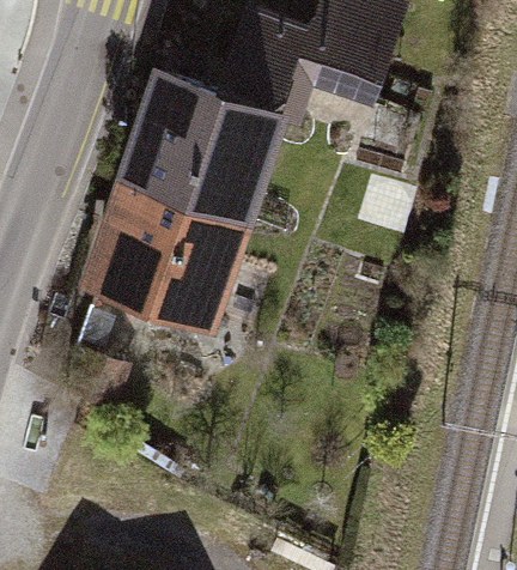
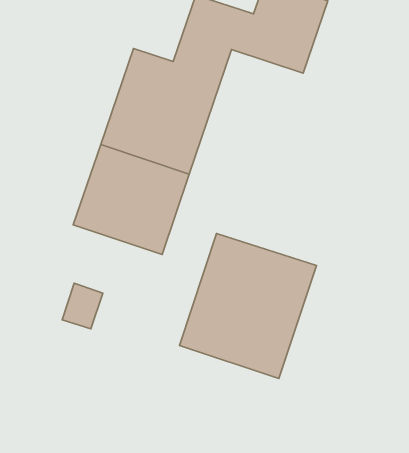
building: none -> [180,233,317,379]

